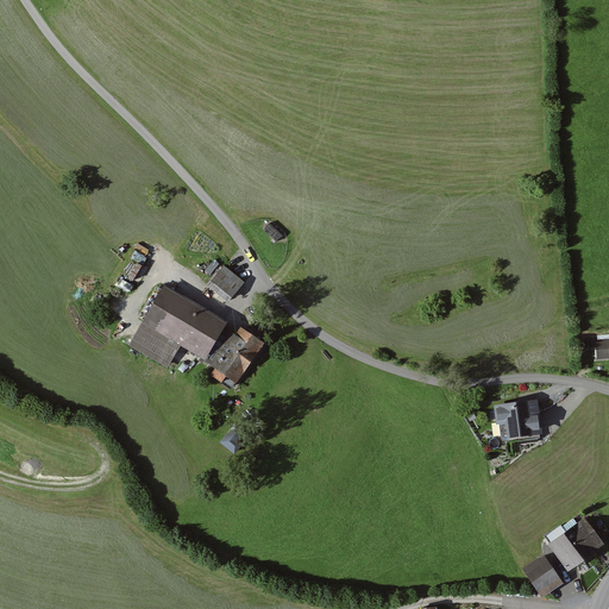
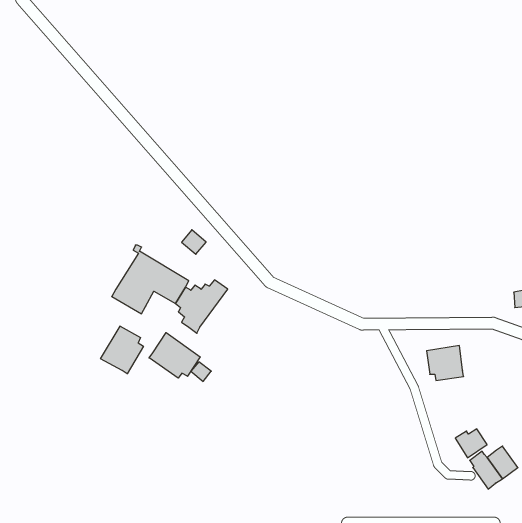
building: none -> [101,326,143,374]
building: none -> [149,333,200,378]
building: [525,558,561,591] -> [455,429,487,458]

